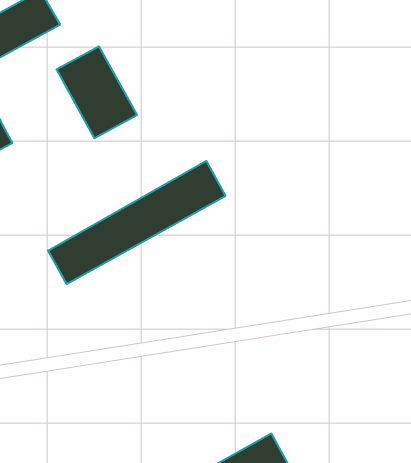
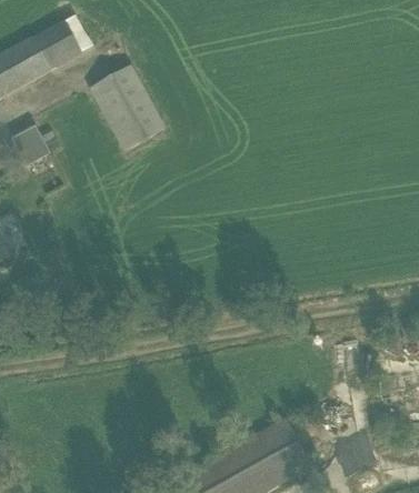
building: [48,161,225,284] -> none

